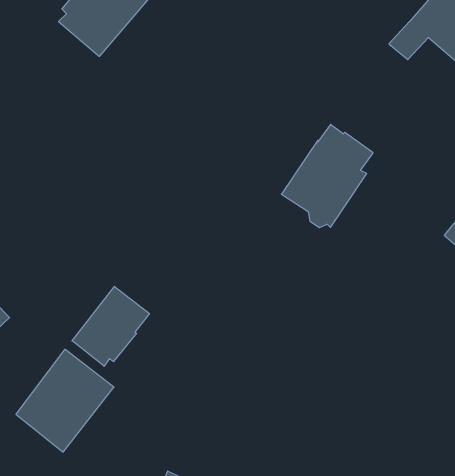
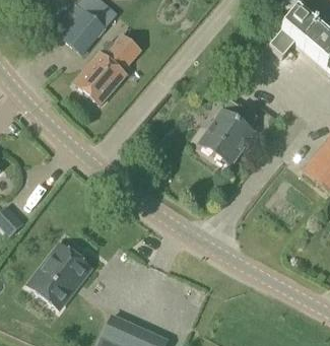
building: none -> [72,32,140,105]
building: [72,286,149,366] -> none

